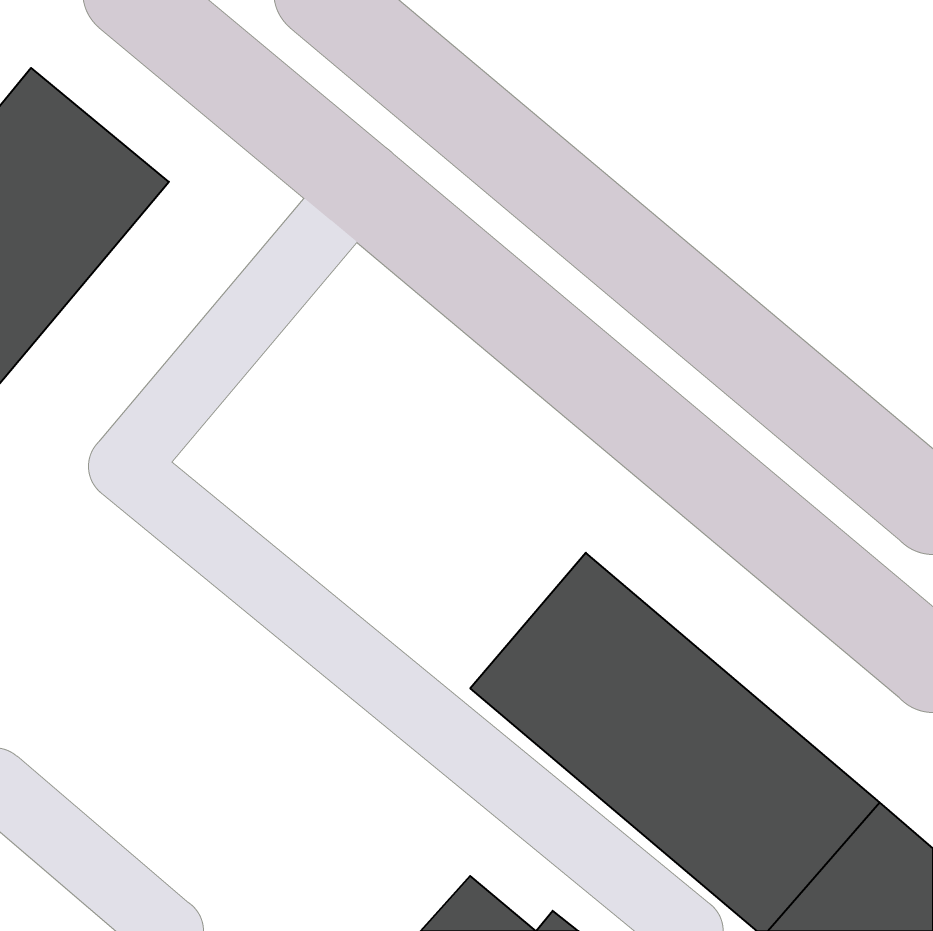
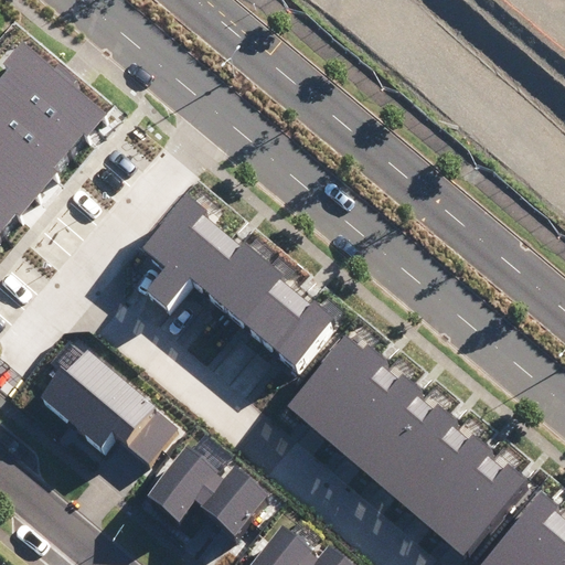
building: none -> [143,198,338,371]
building: none -> [44,350,177,461]
building: none -> [148,447,269,537]

